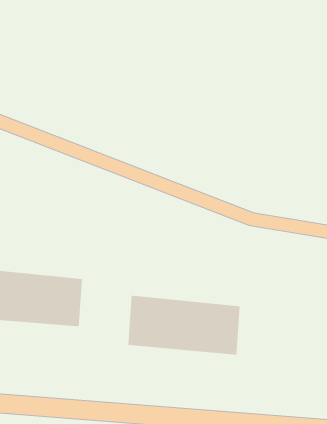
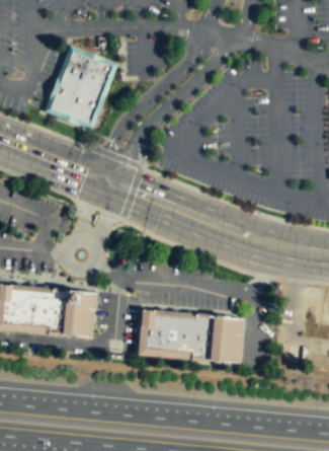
building: none -> [52,52,114,126]

